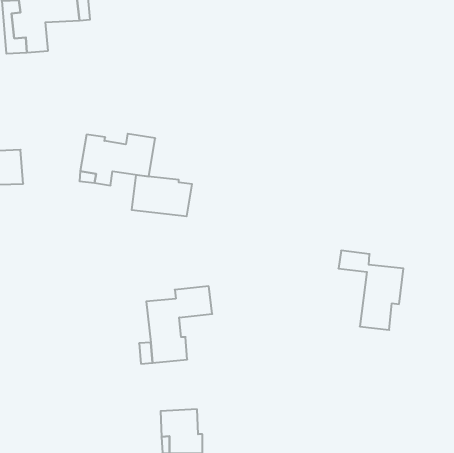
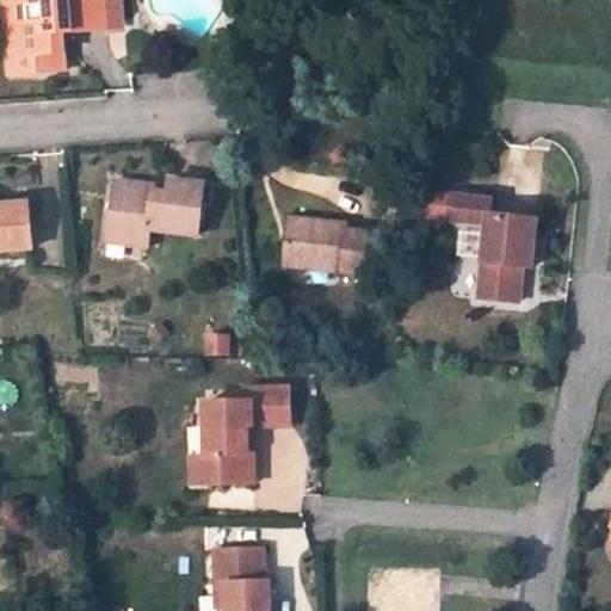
building: [132,175,192,216] -> [284,216,365,271]
building: [338,251,403,330] -> [448,193,535,300]

